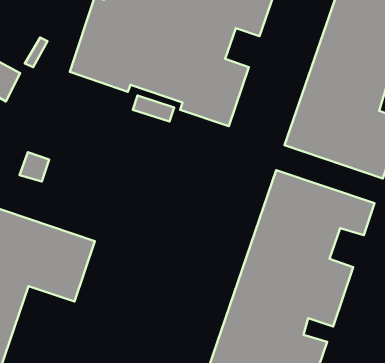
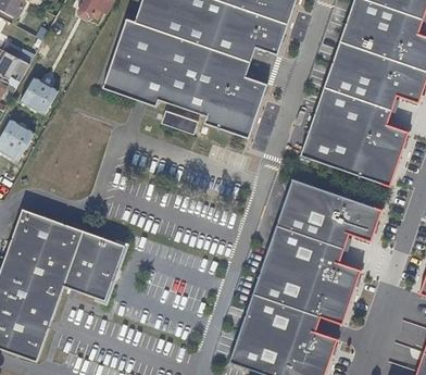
building: [20,152,49,182] -> none

